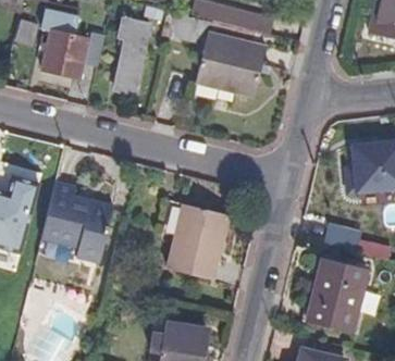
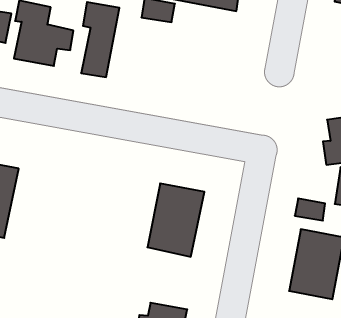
building: [196,32,267,95] -> none
building: [44,182,115,261] -> none

